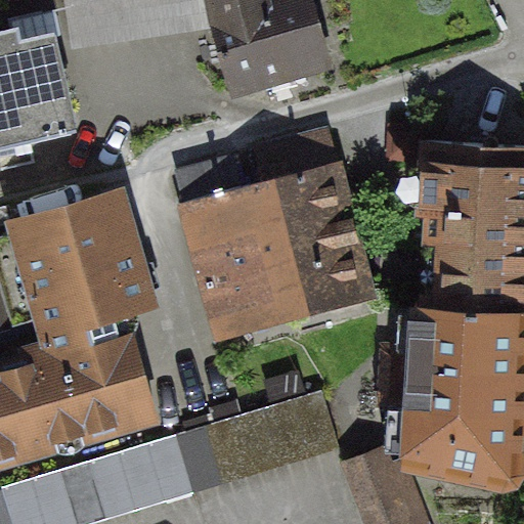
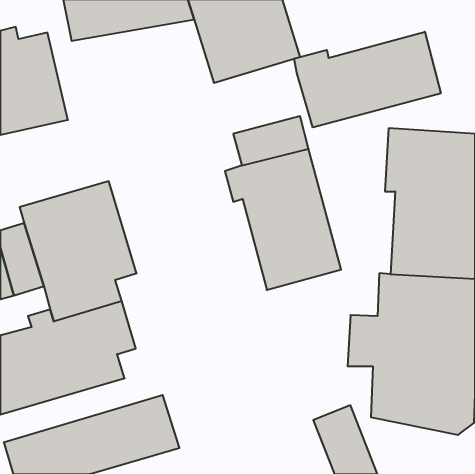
building: none -> [294,32,441,127]
building: [178,154,294,339] -> none
building: [179,390,342,493] -> none

